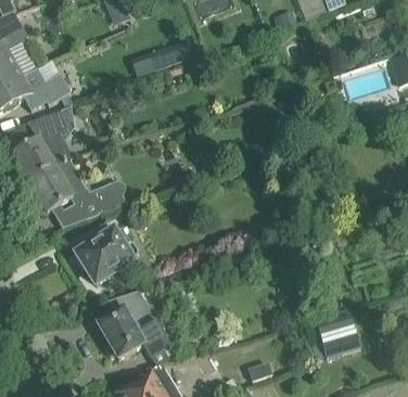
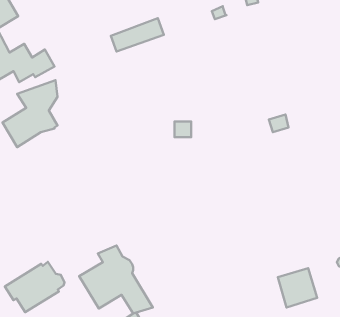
building: [28,159,126,226] -> none
building: [73,228,139,283] -> [5,262,65,312]

